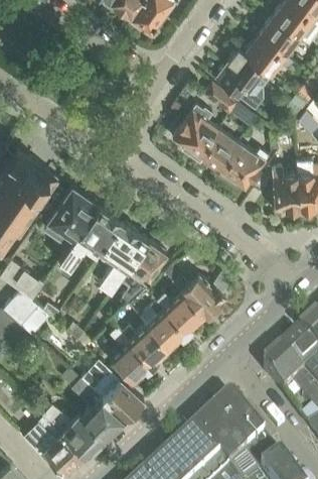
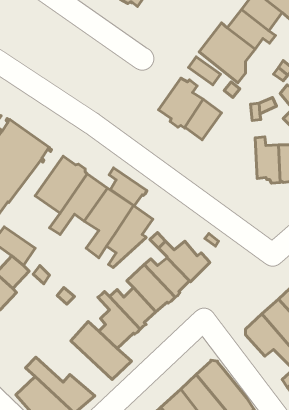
building: [217,138,269,187] -> none
building: none -> [109,168,147,206]
building: [69,375,124,434] -> none

